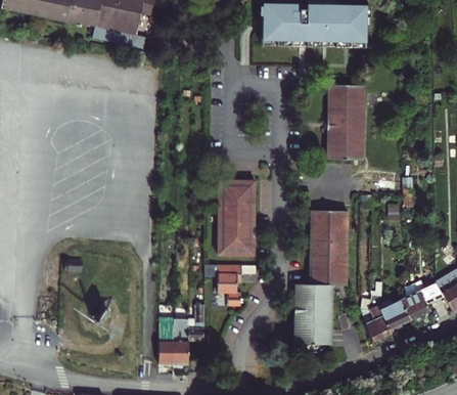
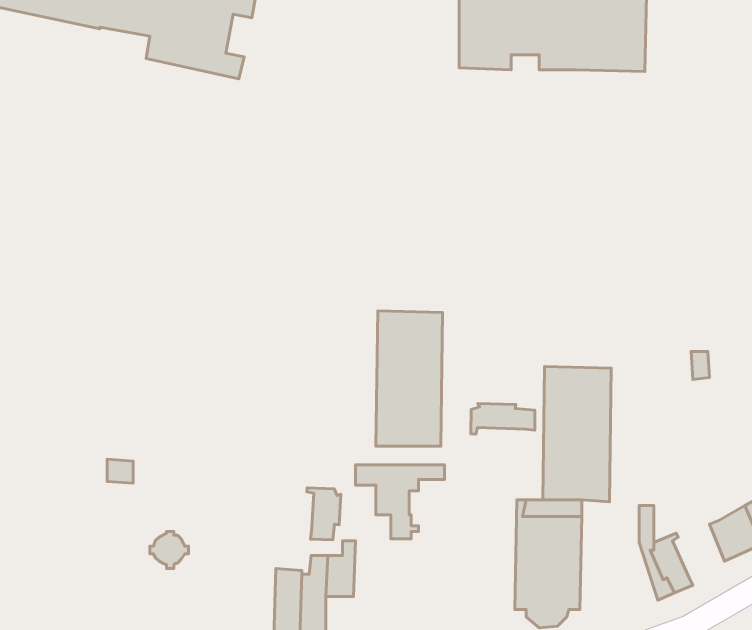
building: [330,85,369,161] -> none
building: none -> [471,403,535,434]
building: none -> [307,488,341,540]
building: [381,297,410,326] -> none

